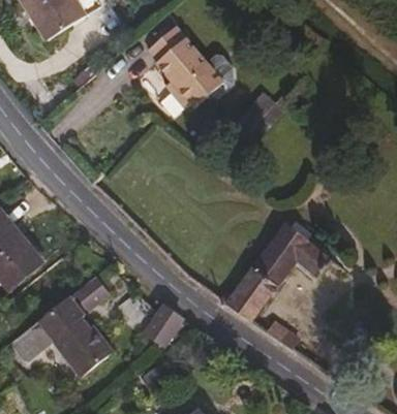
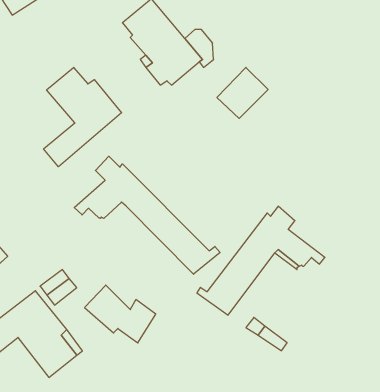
building: none -> [44,67,122,167]
building: none -> [74,156,220,274]

